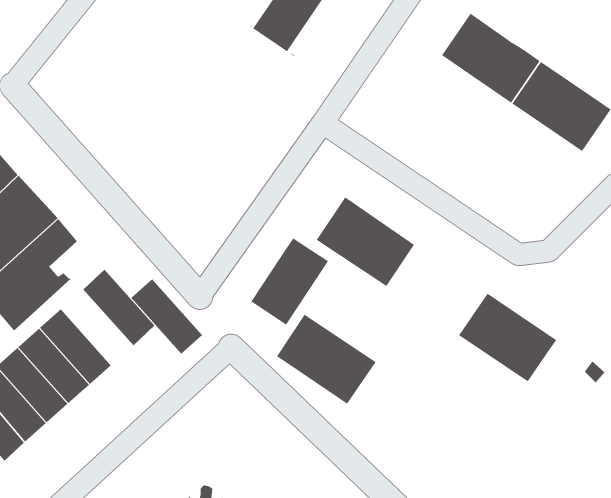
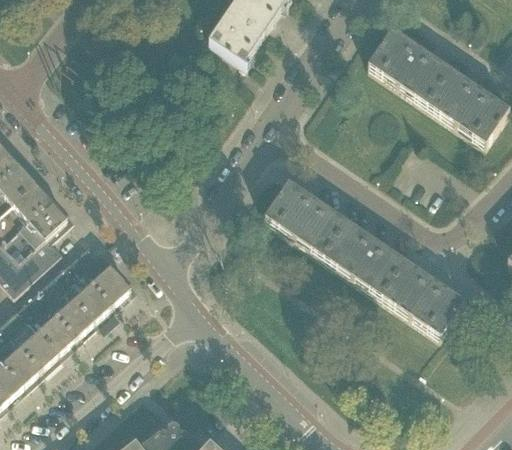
building: [250,238,329,325] -> none
building: [130,279,203,355] -> [54,258,114,321]
building: [276,314,377,404] -> [324,221,407,296]

